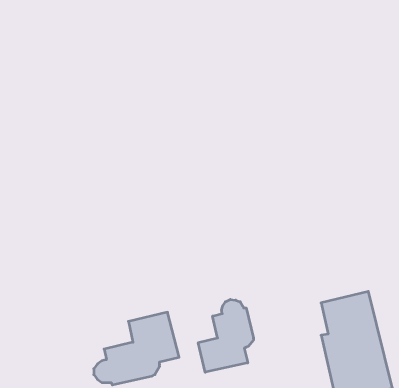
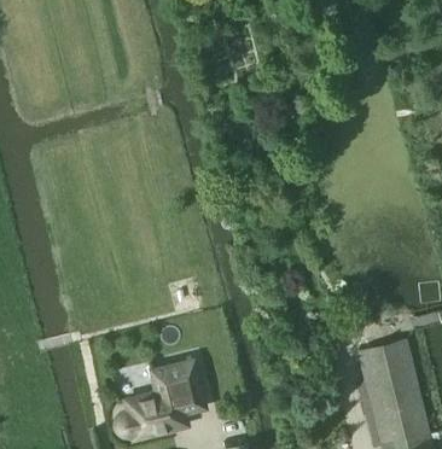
building: [198,299,253,372] -> none

